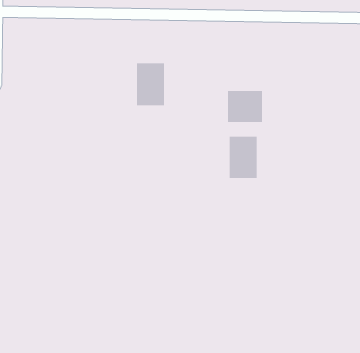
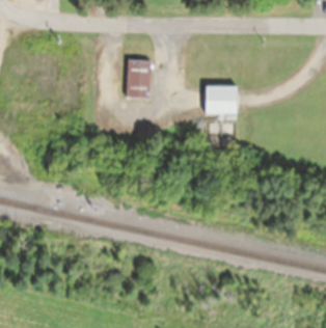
building: [229,136,257,179] -> none

